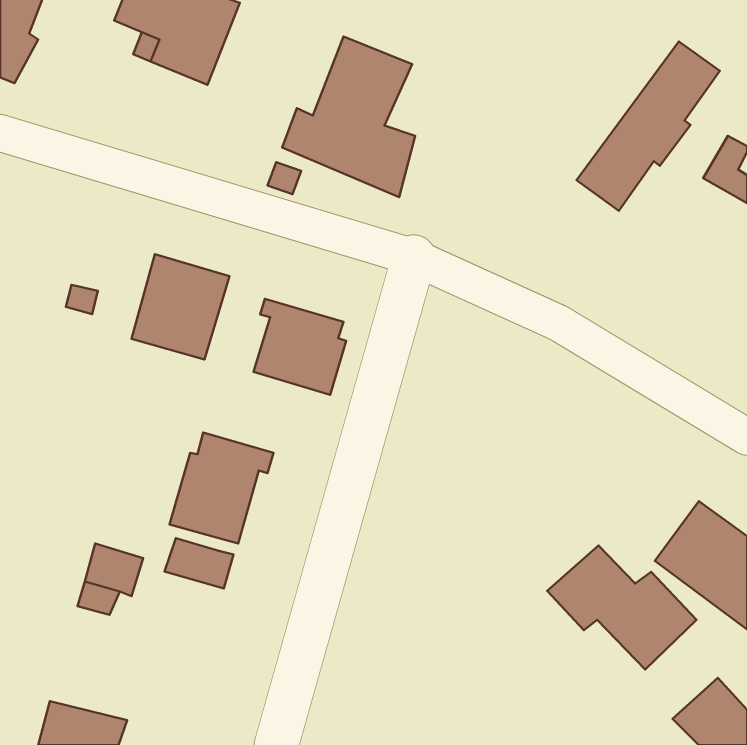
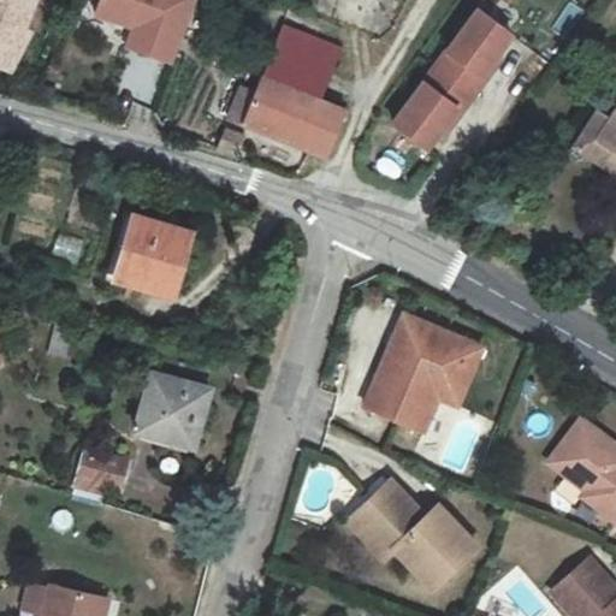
building: [576,42,720,211] -> [397,14,515,154]
building: [254,299,346,395] -> none
building: none -> [363,313,481,427]
building: [165,538,234,588] -> none
building: [547,545,696,670] -> [350,481,473,584]

